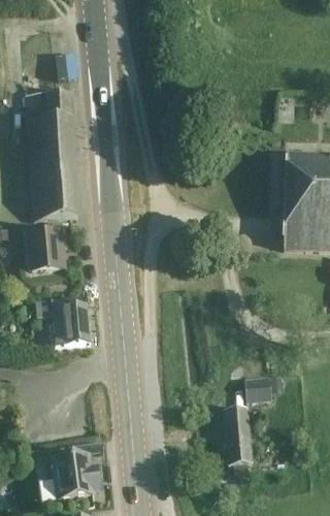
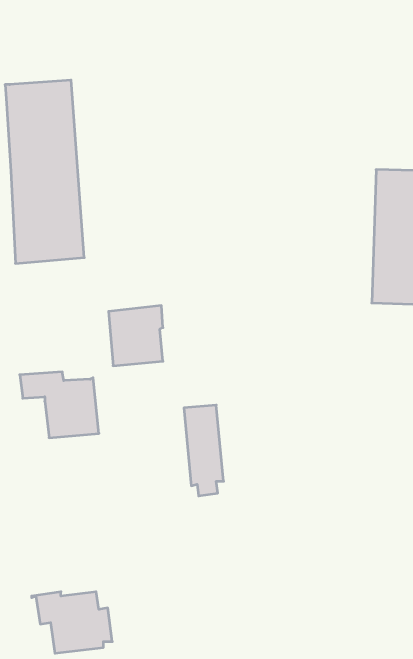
building: [27,227,65,269] -> [109,306,163,366]
building: [245,376,272,400] -> none
building: [225,408,253,472] -> [184,405,224,496]

